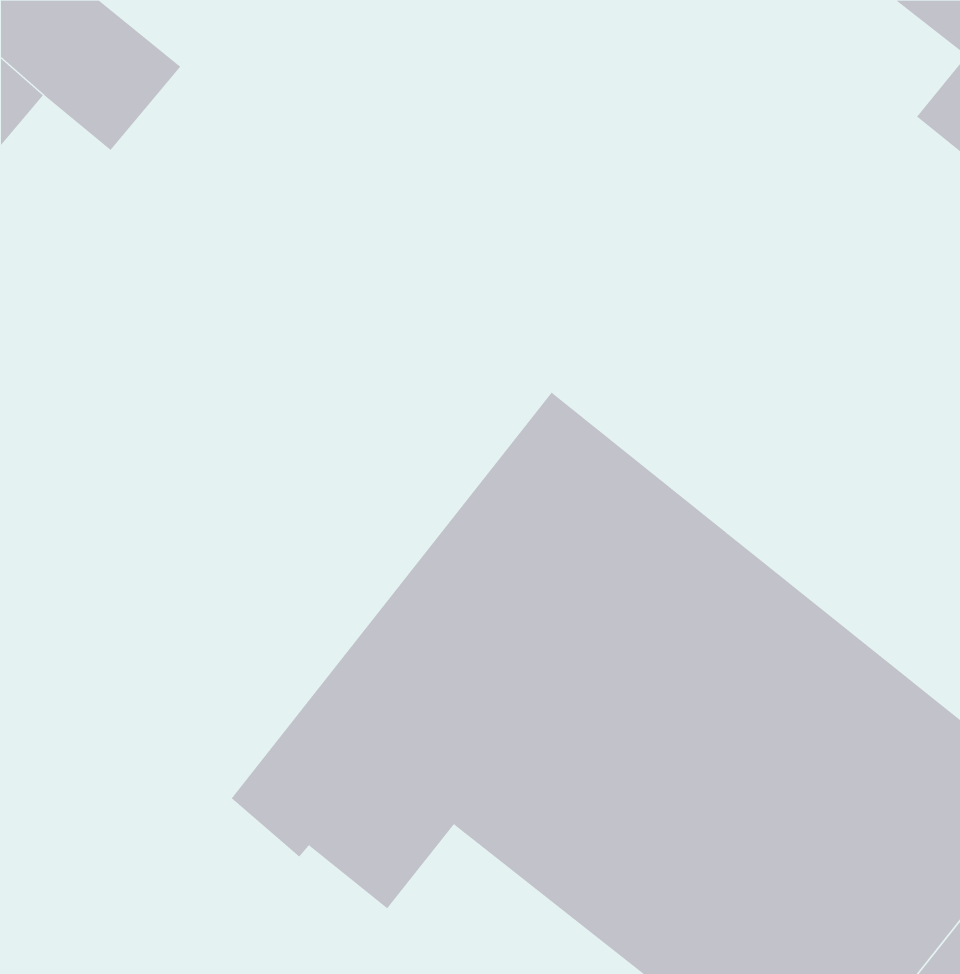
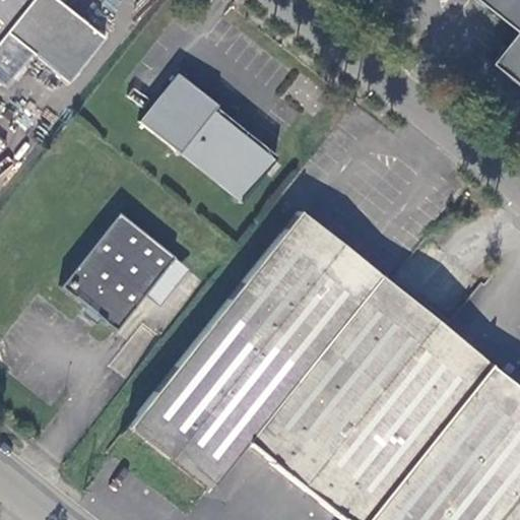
building: none -> [147,78,277,200]
building: none -> [65,211,180,328]

